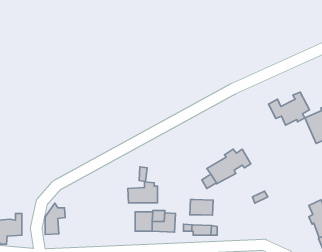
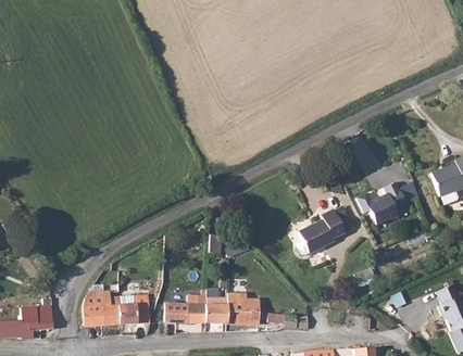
building: [269,92,310,125] -> [354,181,410,226]
building: [128,182,157,203] -> [164,293,204,321]
building: [190,199,213,215] -> none
building: none -> [100,290,148,325]

